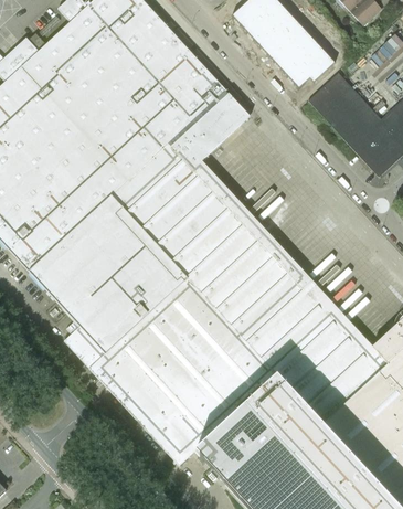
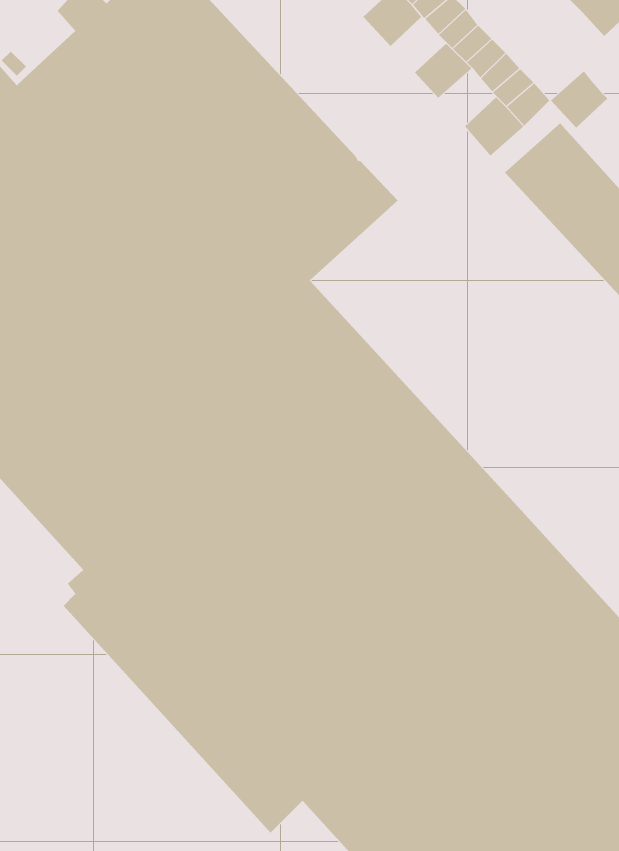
building: [245,14,276,45] -> none
building: [272,43,304,75] -> [550,71,608,129]

